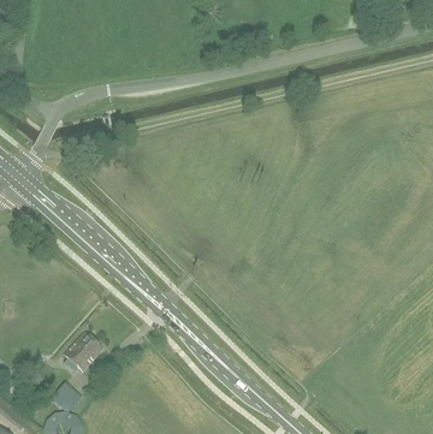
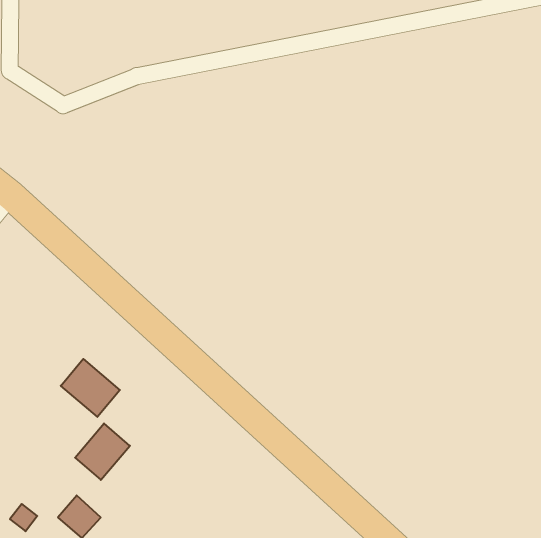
building: none -> [61,359,120,417]

